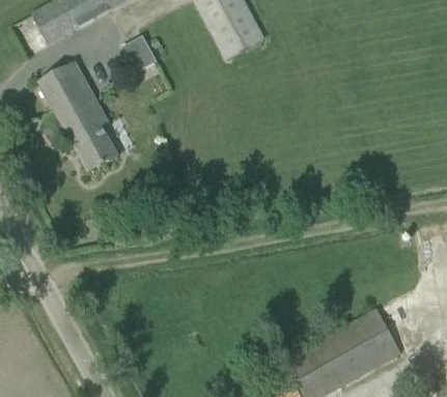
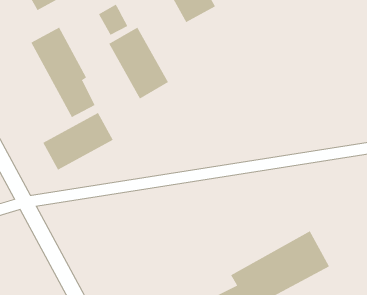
building: none -> [108,27,169,99]
building: none -> [42,112,114,170]

